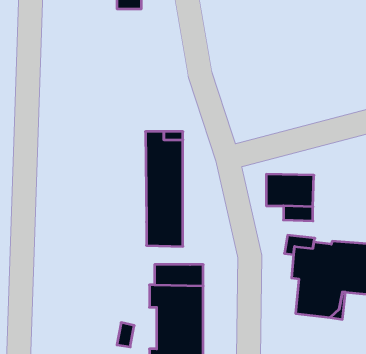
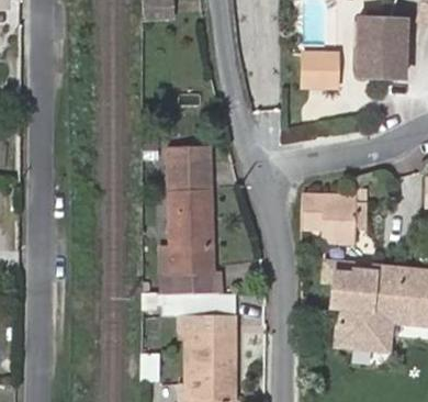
building: none -> [357,19,406,77]
building: none -> [303,52,337,86]
building: none -> [162,245,223,291]

